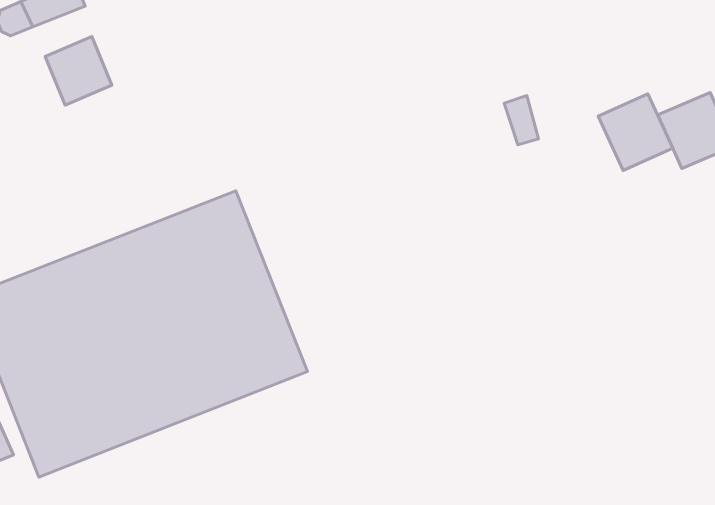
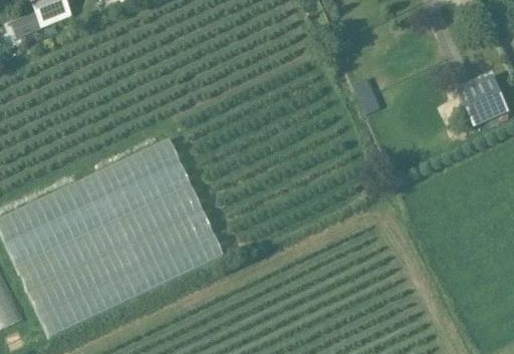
building: [45,37,112,105] -> none
building: [598,94,673,170] -> none

